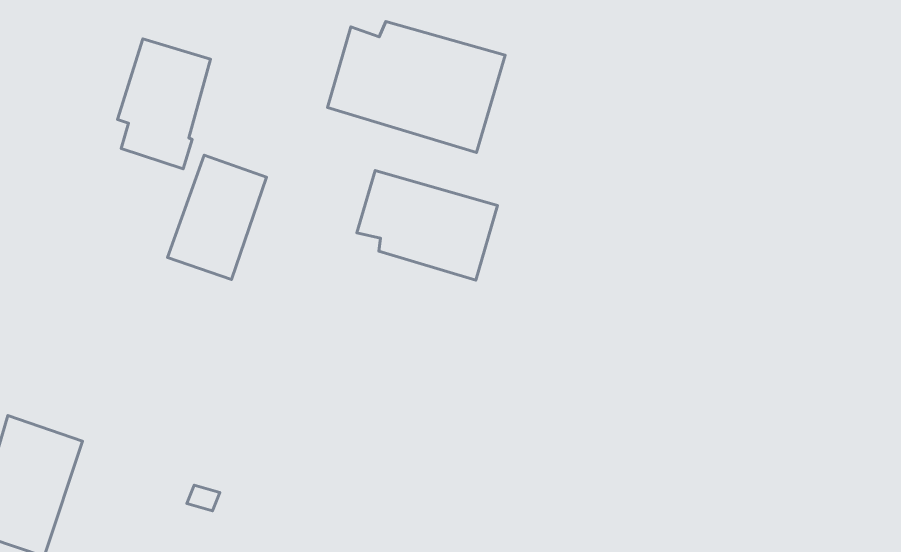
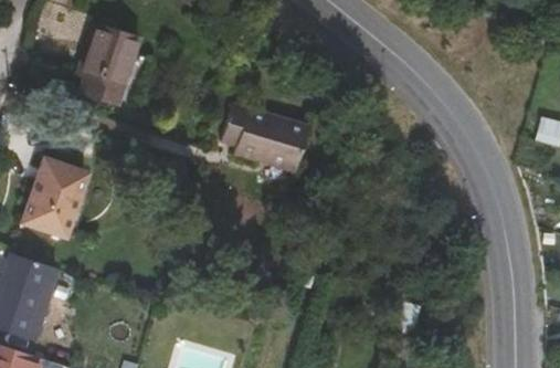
building: [327,22,505,153] -> none
building: [168,155,266,280] -> [24,160,84,235]

